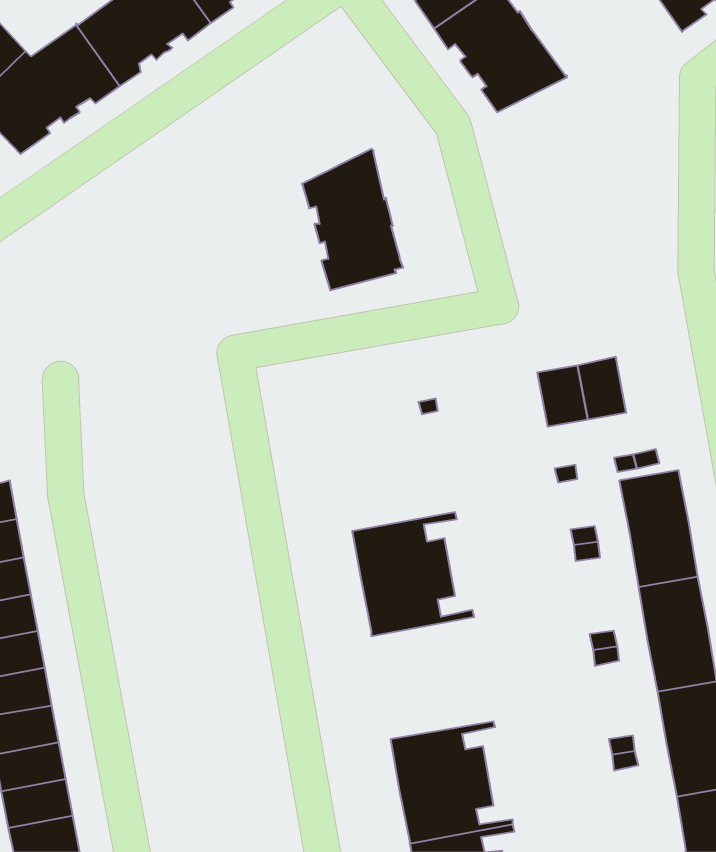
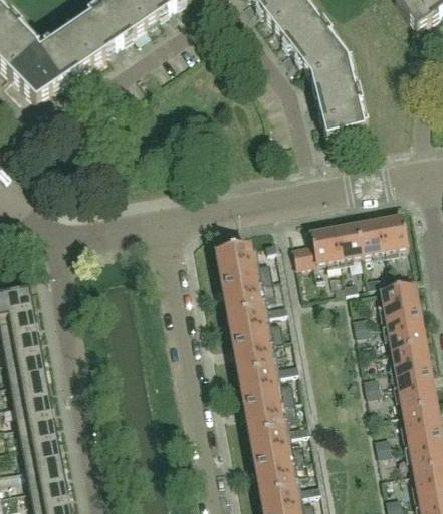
building: [302,149,403,290] -> [309,55,368,137]
building: none -> [378,212,407,248]
building: none -> [290,225,339,265]
building: none -> [214,243,285,316]
building: none -> [237,365,307,436]

